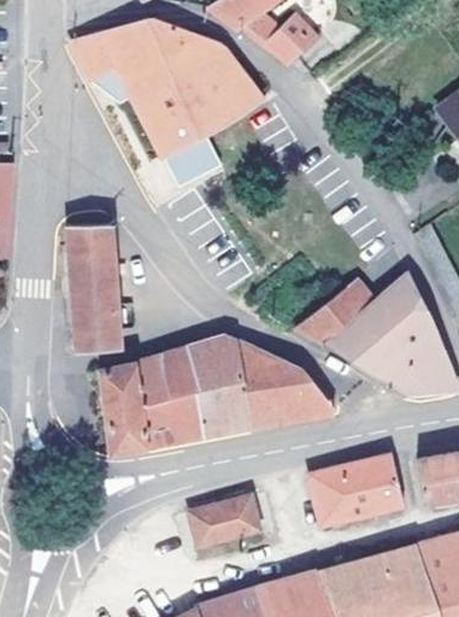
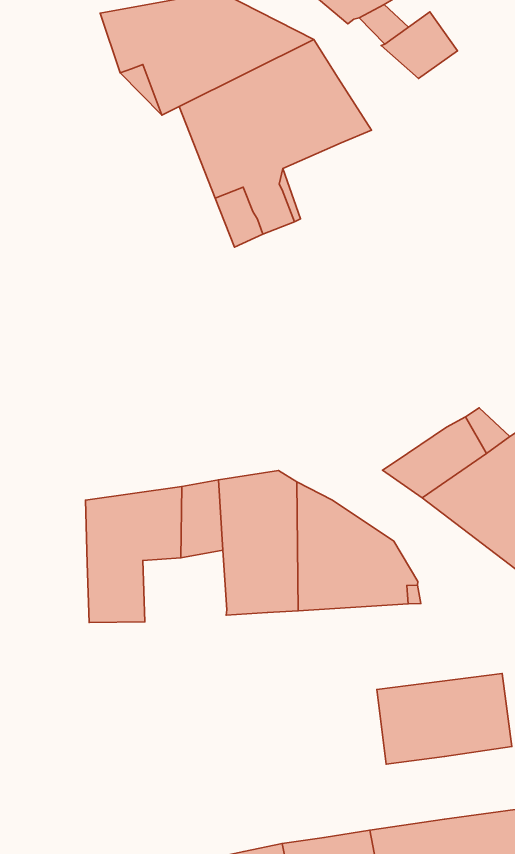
building: [66,223,124,355] -> none
building: [141,394,201,448] -> none
building: [187,493,257,546] -> none

